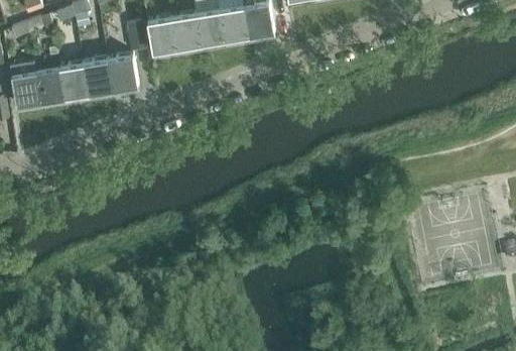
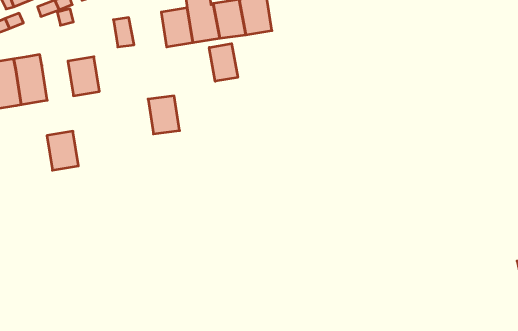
building: [146,18,175,54] -> none
building: none -> [209,44,238,81]
building: [108,56,137,92] -> [148,96,180,134]
building: [59,64,89,100] -> [47,131,78,170]

